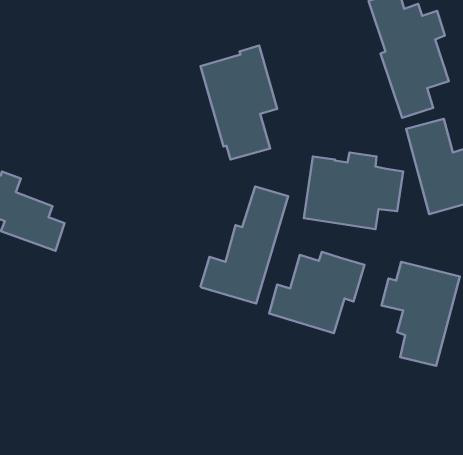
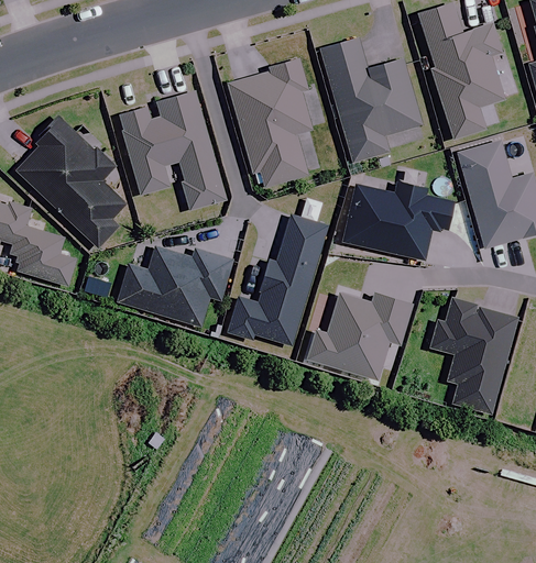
building: none -> [321,40,422,162]
building: none -> [118,91,226,210]
building: none -> [18,112,125,249]
building: none -> [120,246,234,327]

